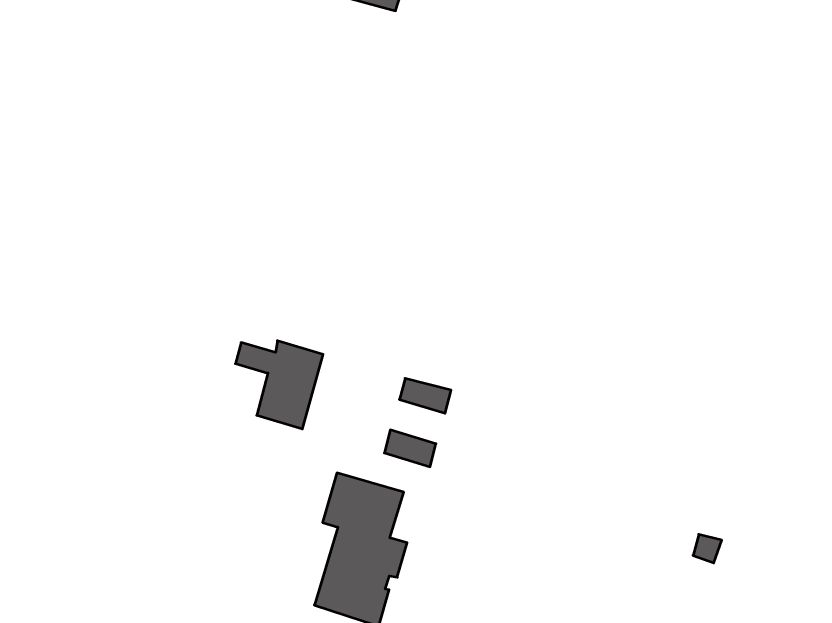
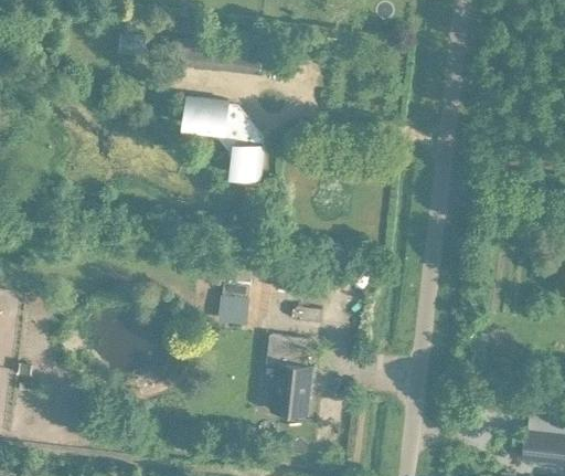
building: none -> [191,99,263,179]

